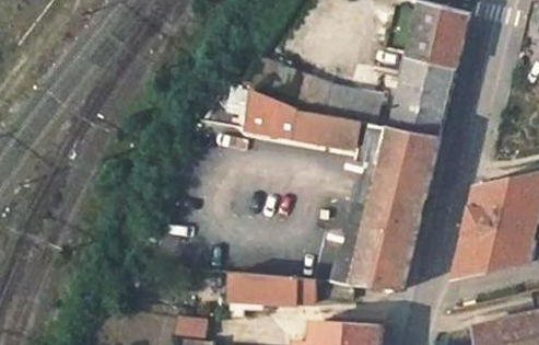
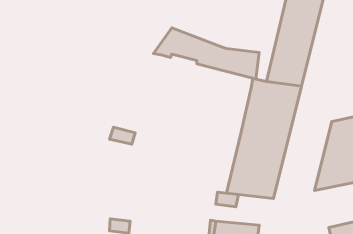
building: [243,93,371,148] -> none
building: [229,273,314,303] -> none

